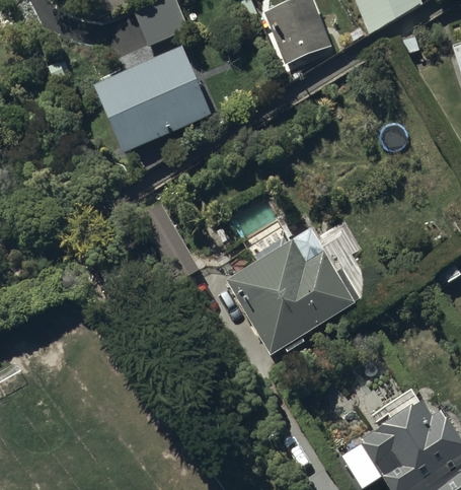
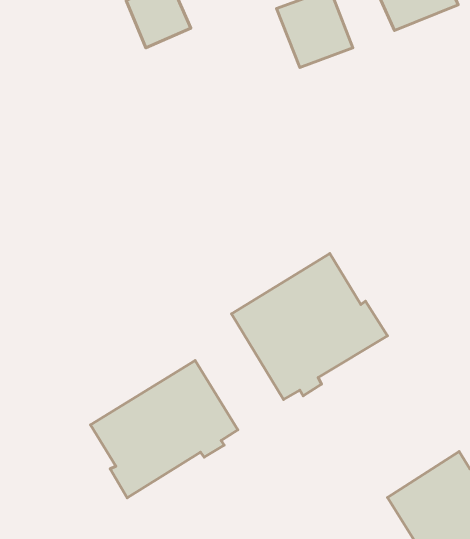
building: [93,45,213,153] -> none
building: none -> [90,361,238,498]

